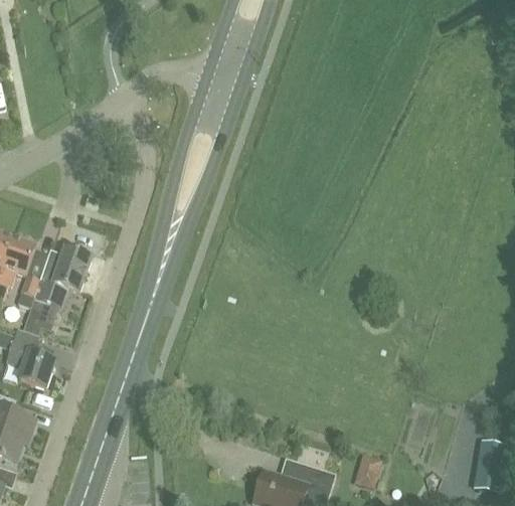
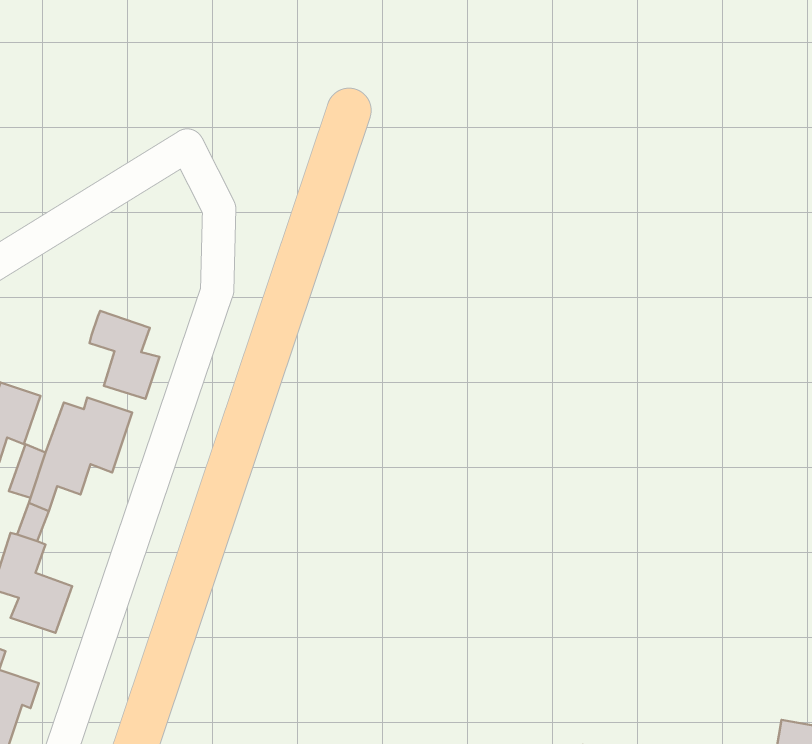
building: none -> [89,311,159,399]

